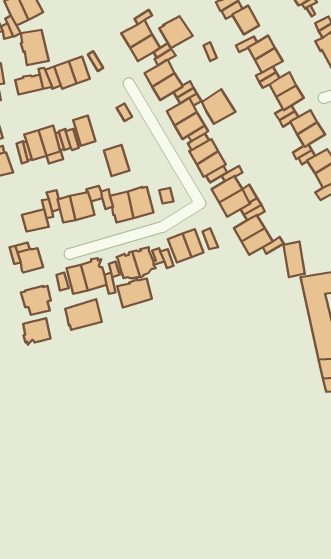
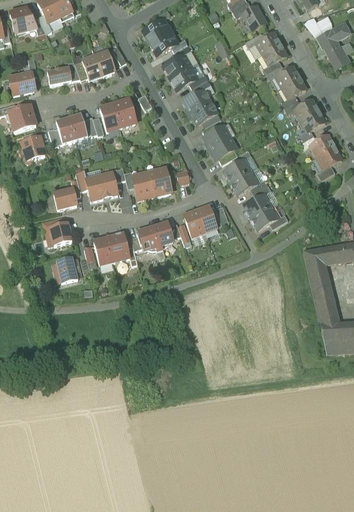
building: [159,16,193,48] -> none
building: [21,30,49,65] -> none
building: [201,89,236,124] -> none
building: [104,145,129,176] -> [112,99,135,127]
building: [283,242,305,277] -> none
building: [117,279,152,308] -> none
building: [65,299,102,330] -> none
building: [23,318,50,345] -> none

